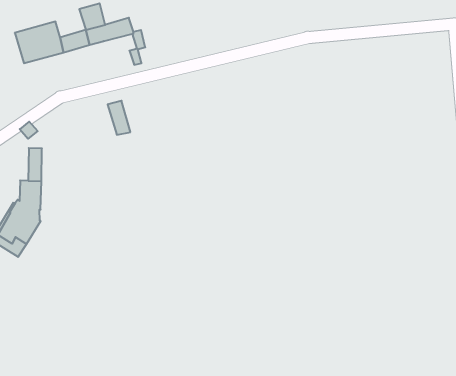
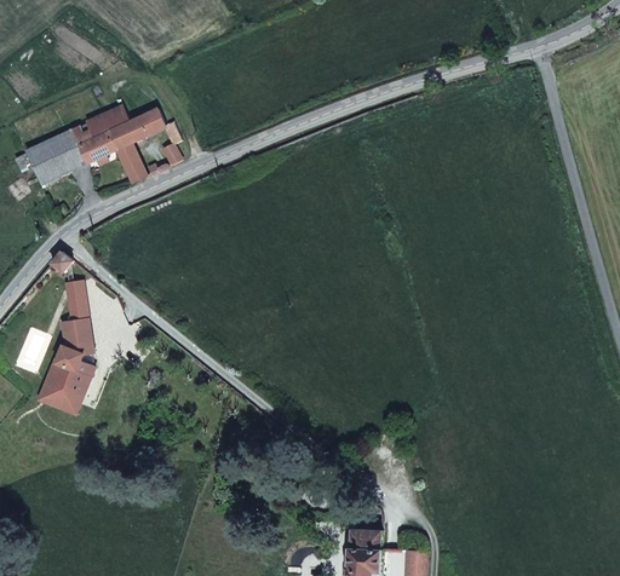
building: none -> [68,109,108,146]
building: [108,101,130,135] -> [115,142,148,183]

